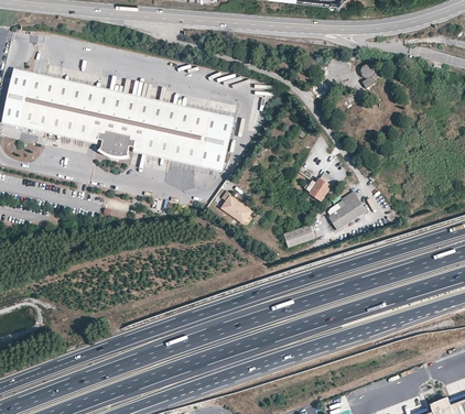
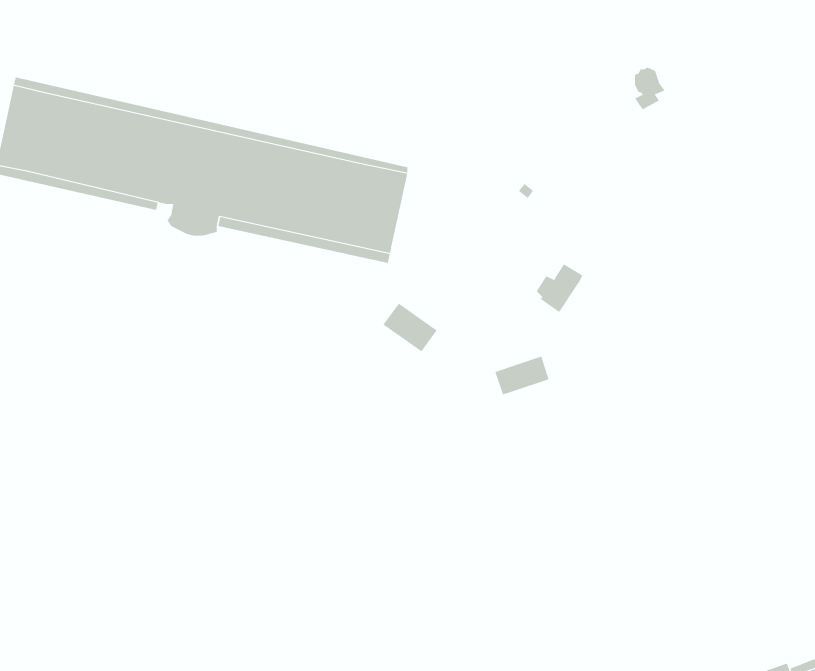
building: [327,190,366,229] -> none

